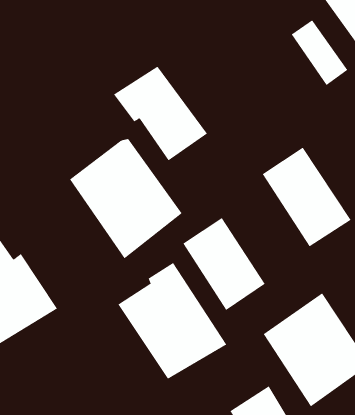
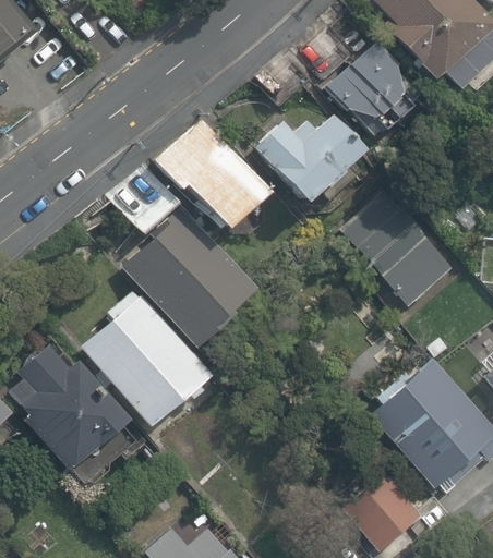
building: none -> [329,63,404,142]
building: none -> [255,113,371,205]
building: [182,217,266,311] -> none
building: [118,262,227,380] -> [81,289,214,425]

